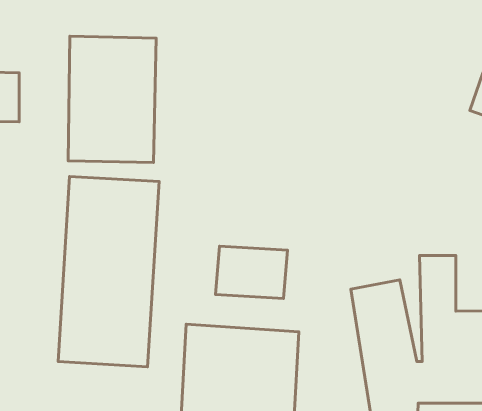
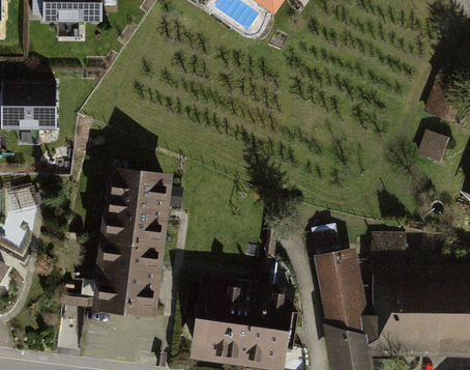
building: [68,36,156,163] -> none
building: [216,246,287,298] -> none

